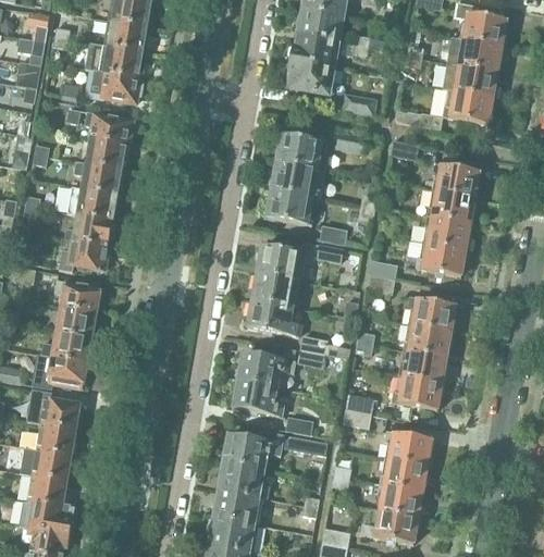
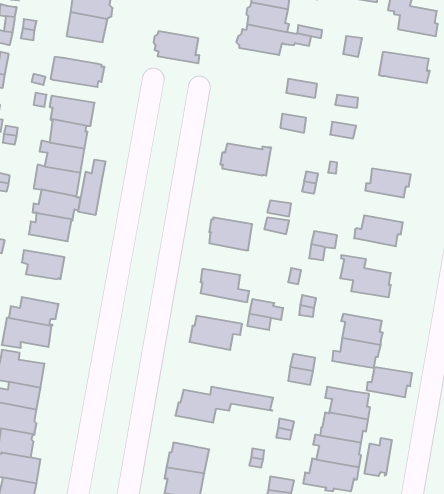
building: [447,37,505,72] -> none
building: [85,45,141,77] -> none
building: [285,60,335,95] -> [154,31,199,63]
building: [442,90,495,125] -> none
building: [275,134,329,171] -> none
building: [430,163,481,198] -> none
building: none -> [78,160,105,215]
building: [265,191,316,225] -> none
building: [425,215,471,250] -> none
building: [252,273,298,309] -> none
building: [53,307,97,339] -> none
building: [404,325,454,358] -> [366,367,412,397]
building: [233,381,312,434] -> none
building: [219,461,269,498] -> none
building: none -> [365,438,392,476]

